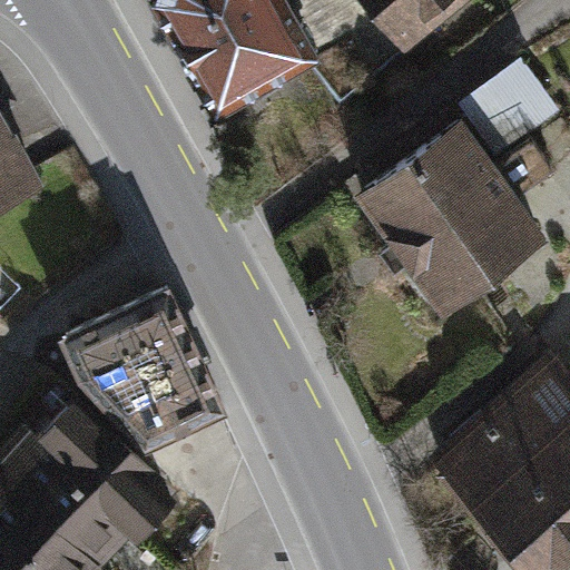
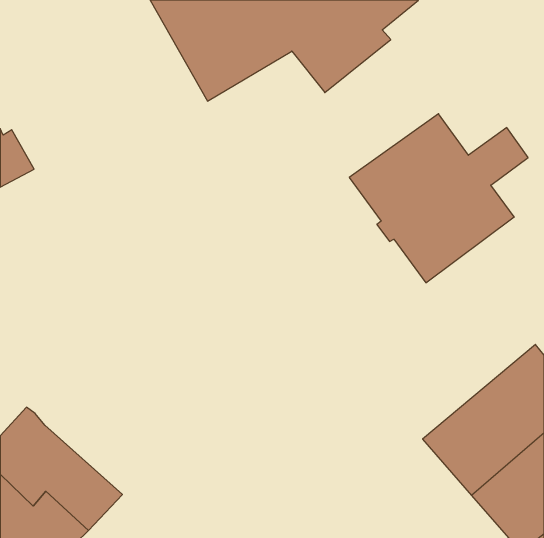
building: [460,55,563,156] -> none
building: [66,291,222,443] -> none
building: [37,402,163,523] -> none

